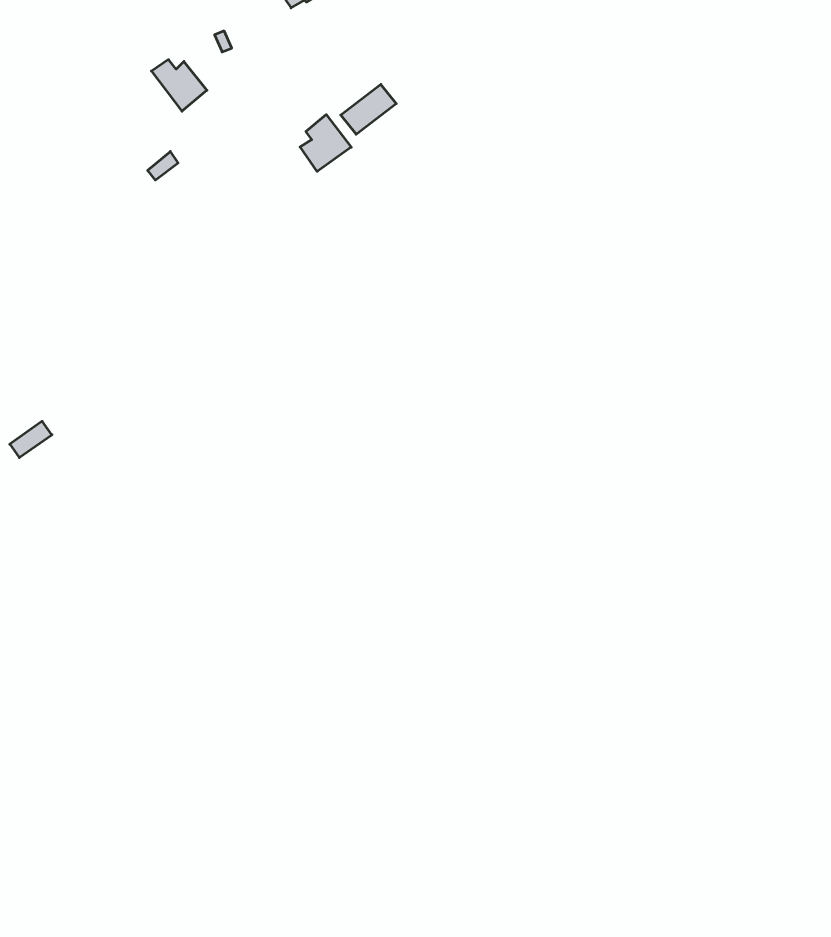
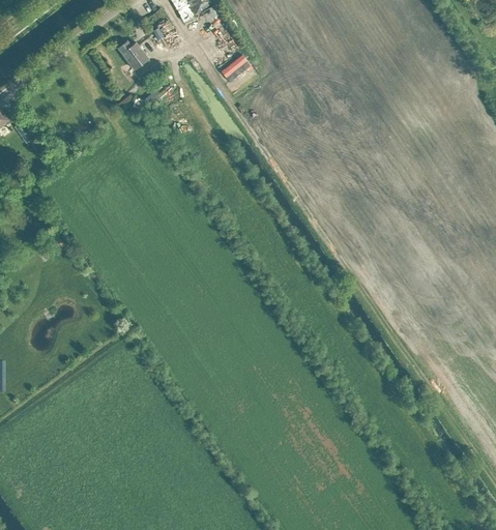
building: [300,115,351,171] -> none

